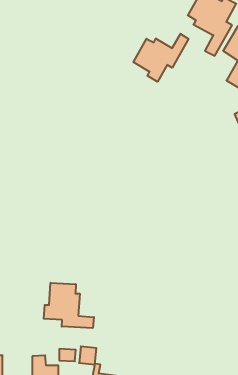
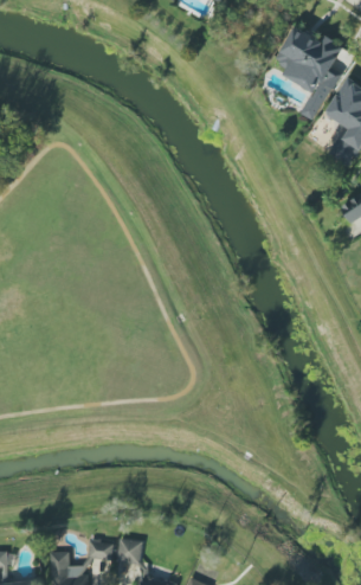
building: [133,34,188,82] -> none
building: [44,283,94,328] -> none

